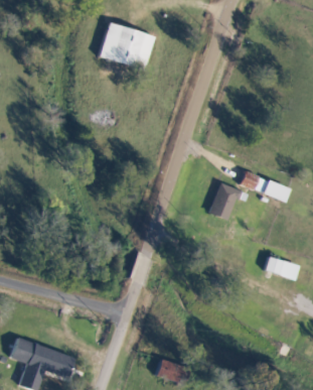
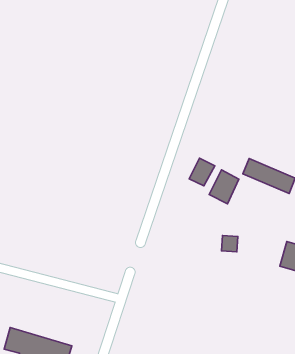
building: [98,21,153,70] -> none
building: none -> [189,158,215,186]

